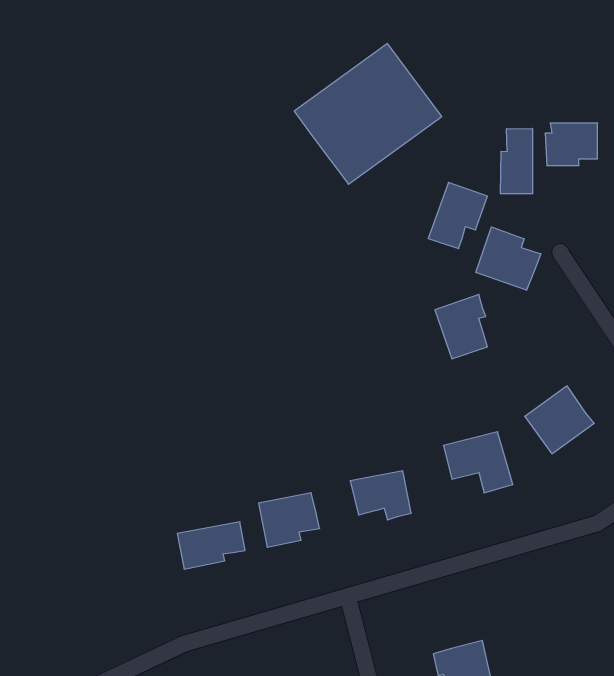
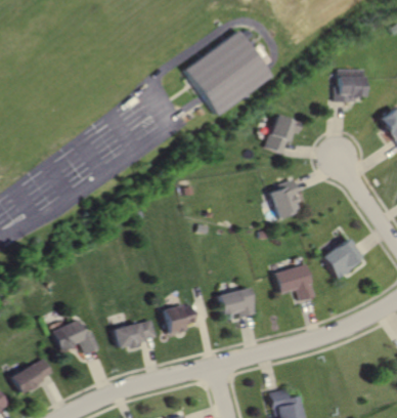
building: [500,128,533,194] -> none
building: [476,227,541,290] -> none
building: none -> [54,321,100,357]
building: none -> [11,358,52,395]

